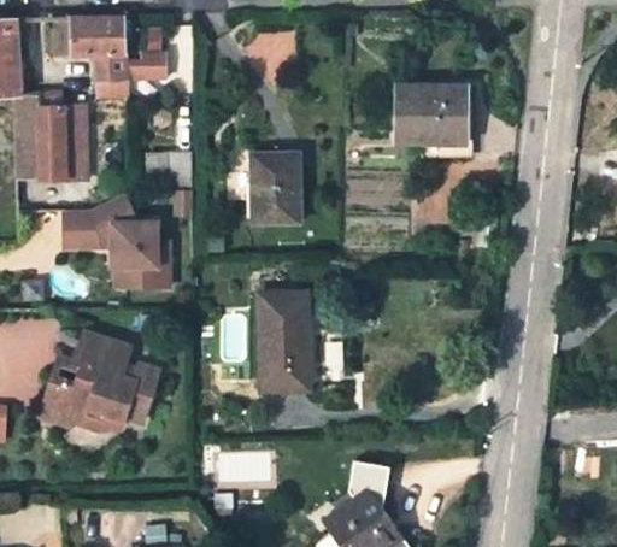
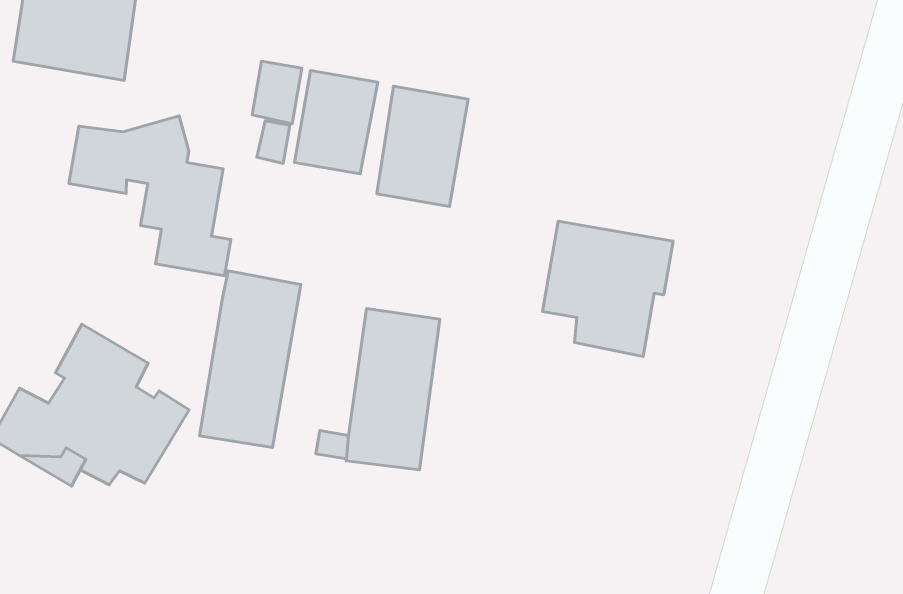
building: [396,84,469,158] -> [543,221,673,357]
building: none -> [295,70,378,174]
building: none -> [200,271,301,448]

